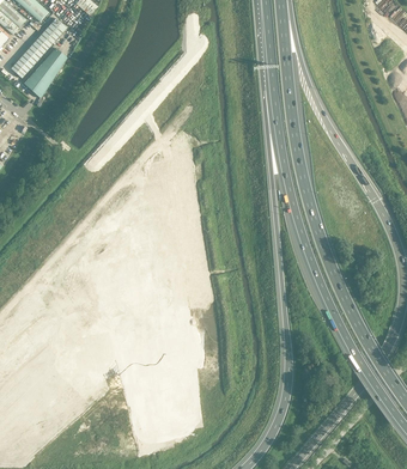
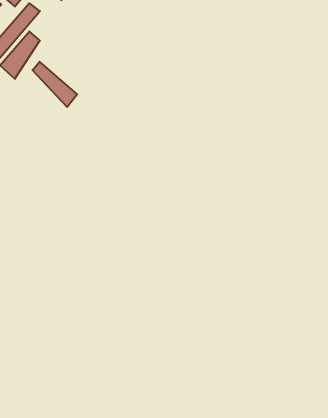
building: none -> [32,62,77,107]

